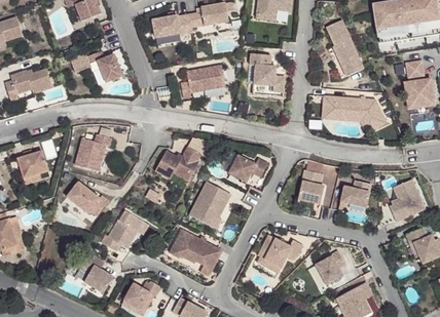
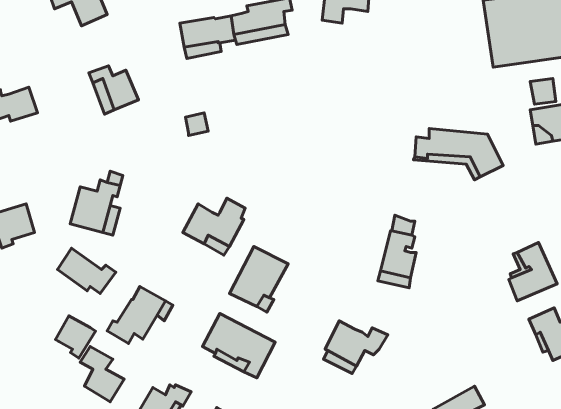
building: [327,18,364,75] -> none
building: [249,52,284,91] -> none
building: [181,65,226,97] -> none
building: [228,154,268,181] -> none
building: [340,179,371,206] -> none
building: none -> [56,316,95,358]
building: [316,250,345,284] -> none

